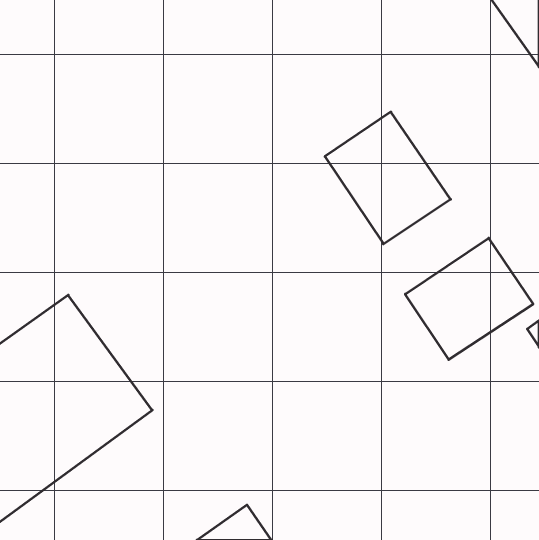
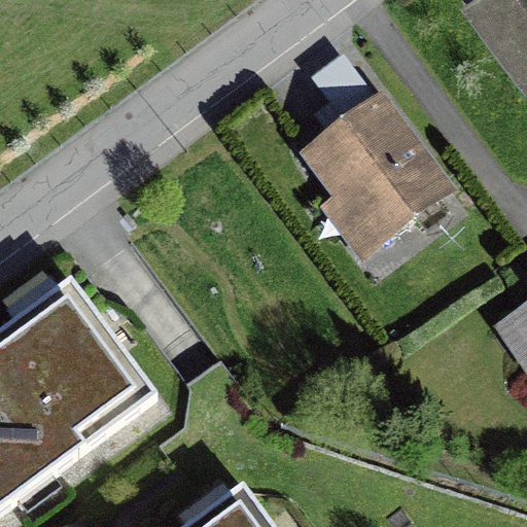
building: [405,238,533,360] -> none

